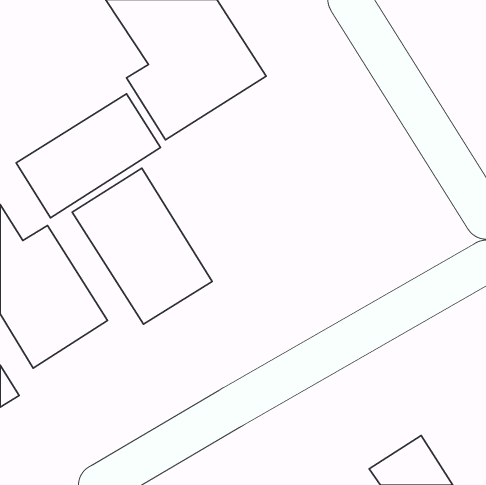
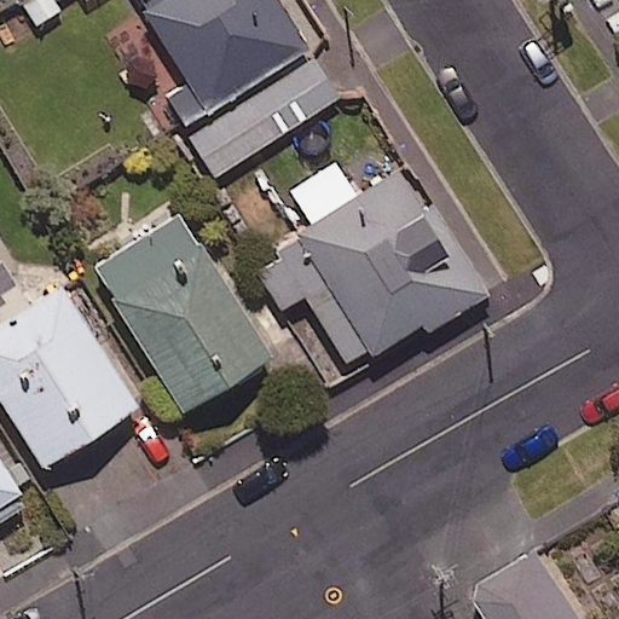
building: [16,94,161,218] -> none
building: none -> [255,163,486,382]

